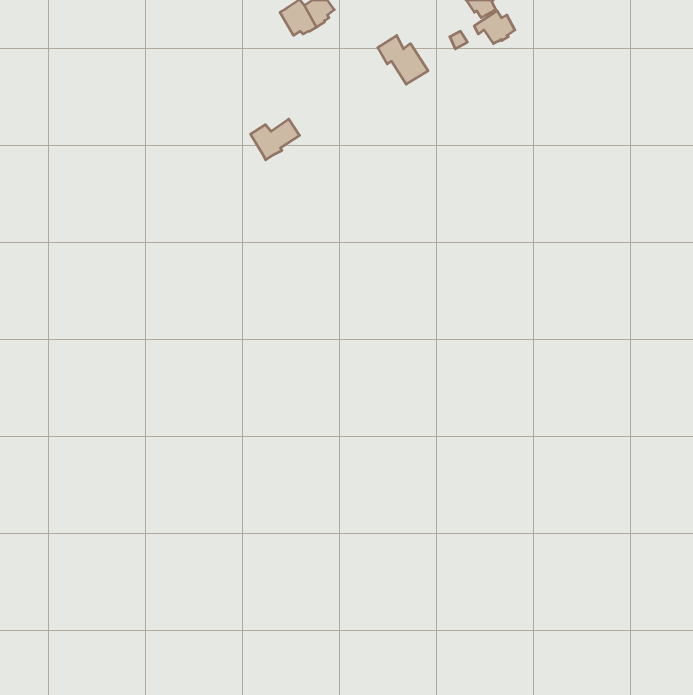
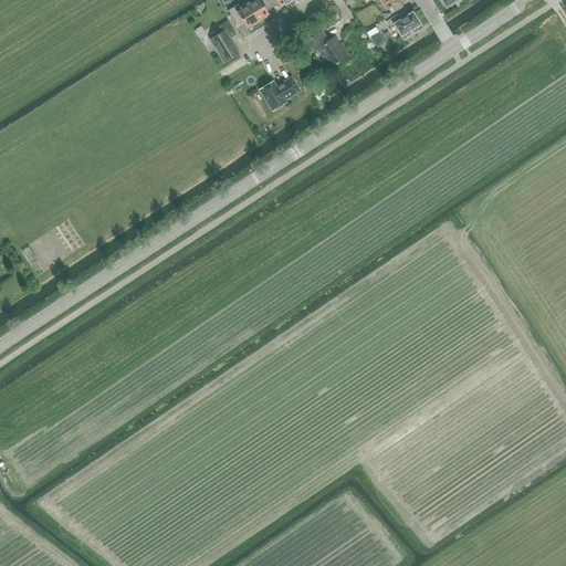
building: none -> [211,21,240,63]
building: [251,119,300,160] -> [261,77,301,111]

